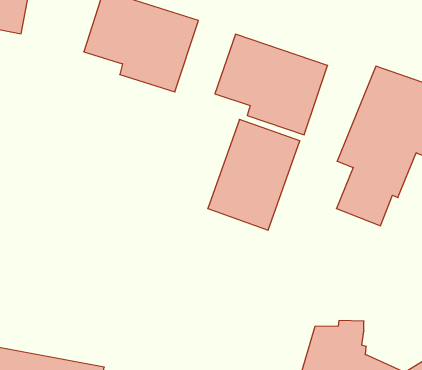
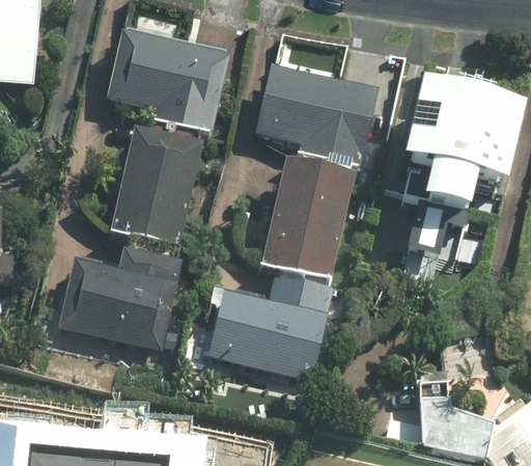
building: none -> [111,126,202,245]
building: none -> [59,246,184,350]
building: none -> [195,274,337,383]

